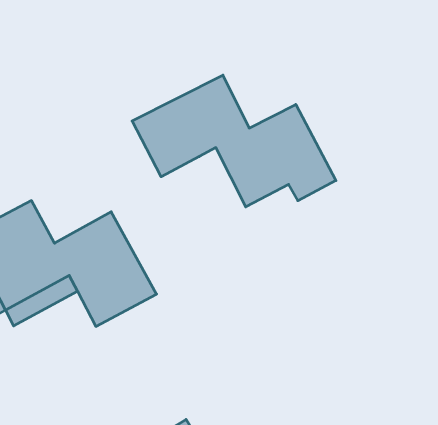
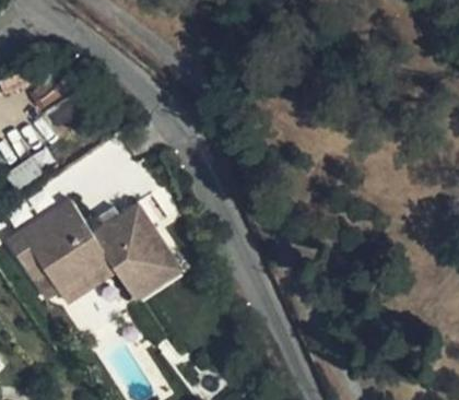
building: [132,75,336,207] -> none

